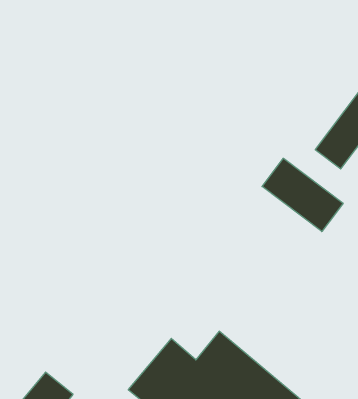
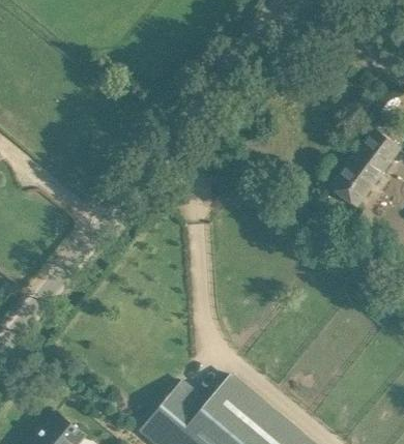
building: [262,158,343,232] -> none

